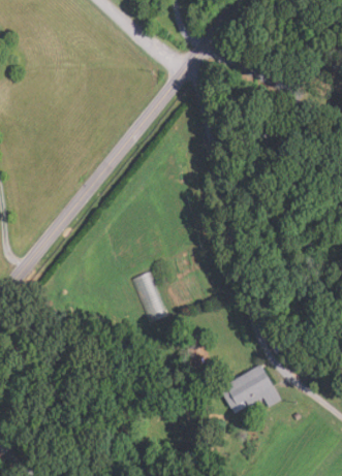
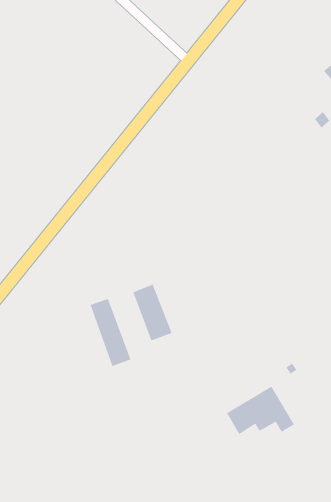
building: none -> [90,298,131,367]

